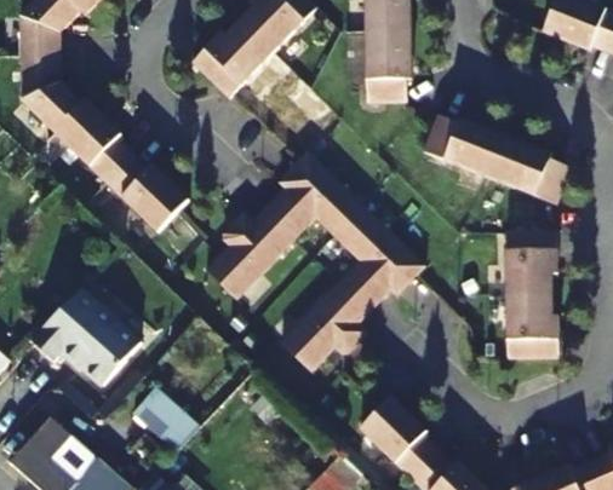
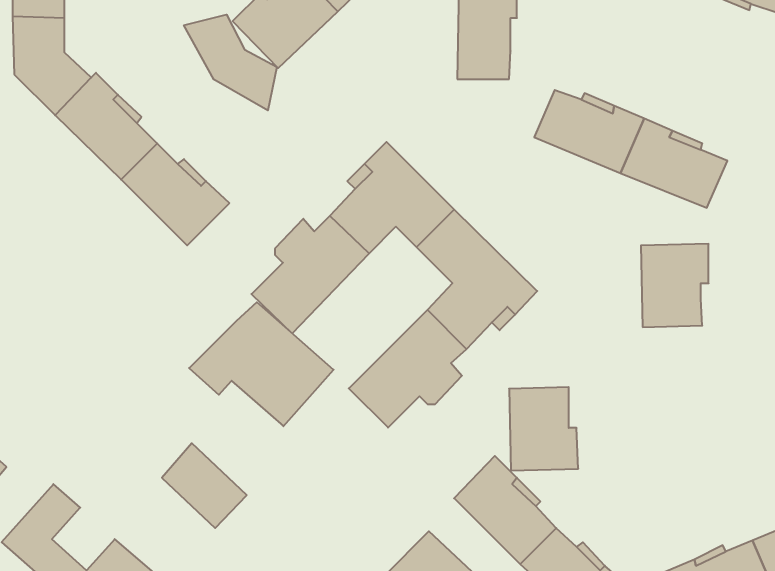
building: none -> [184,15,277,110]
building: [31,292,143,387] -> [189,302,334,426]
building: [505,295,558,359] -> [509,387,578,470]

